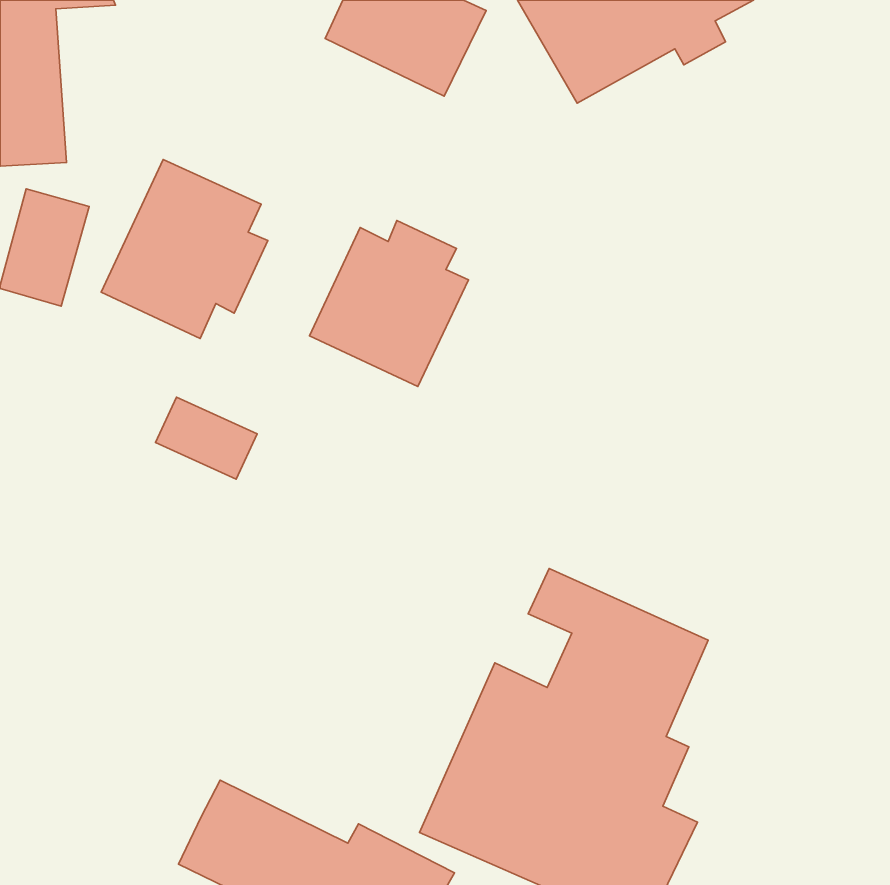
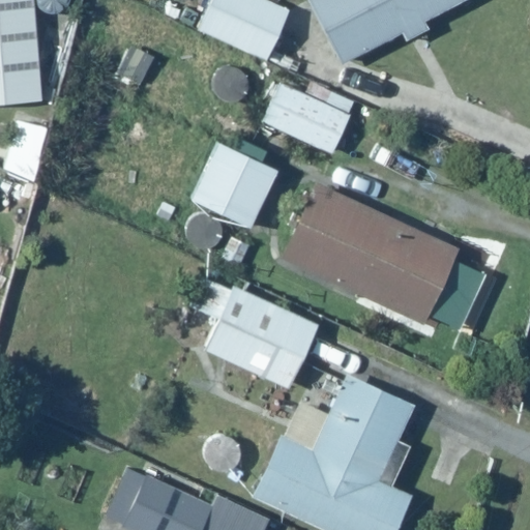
building: none -> [259,82,348,153]
building: [101,159,268,338] -> none
building: none -> [282,178,461,326]
building: none -> [194,272,323,392]

